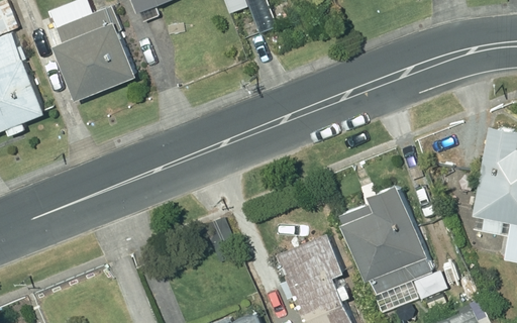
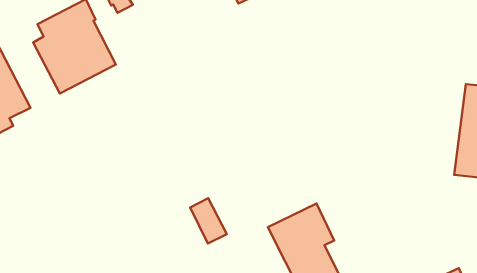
building: [342,183,433,297] -> none

